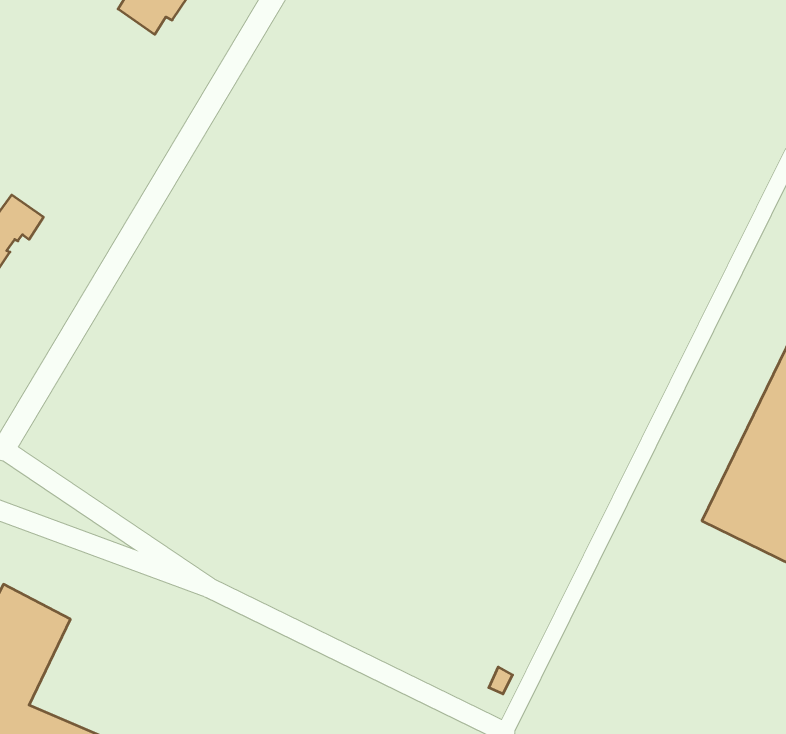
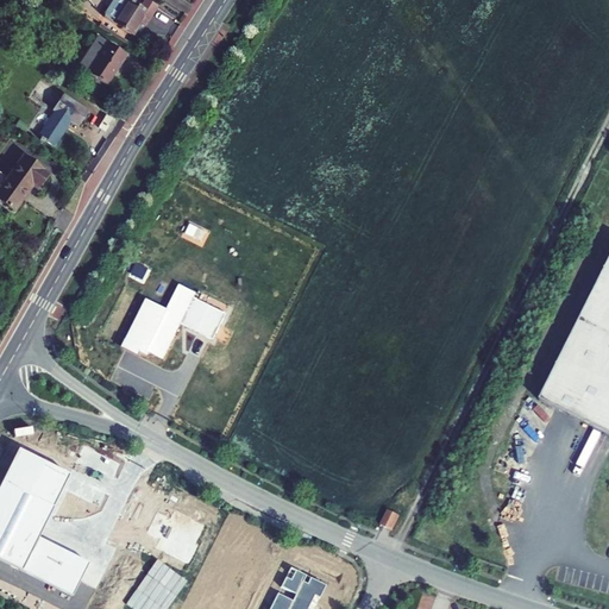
building: none -> [79,37,126,84]
building: none -> [37,93,87,145]
building: none -> [126,283,226,358]

